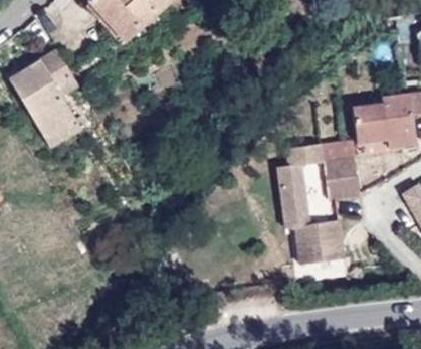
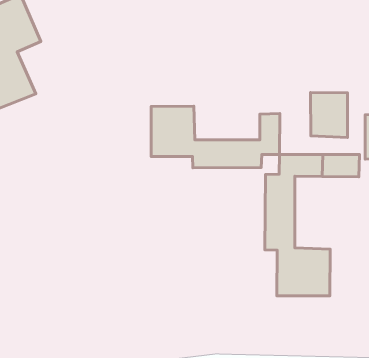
building: none -> [151,106,280,168]
building: [325,158,360,197] -> [311,93,348,137]

